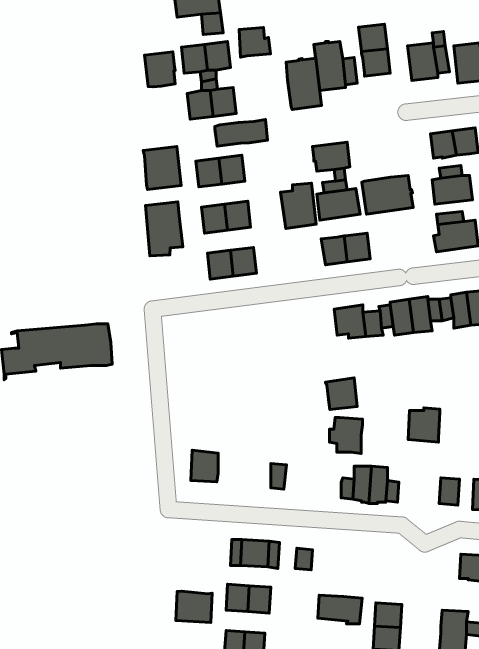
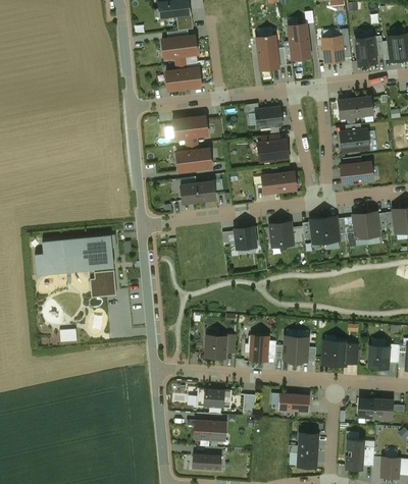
building: [239,27,270,57] -> none
building: [144,52,175,87] -> none
building: [286,58,322,110] -> none
building: [215,120,268,146] -> none
building: [143,147,181,190] -> none
building: [362,176,413,214] -> none
building: [281,183,316,228] -> none
building: [145,202,183,256] -> none
building: none -> [90,270,116,298]
building: [326,378,357,410] -> [234,226,256,249]
building: [408,408,440,442] -> [323,341,346,366]
building: [330,418,363,454] -> [245,335,268,361]
building: [191,450,218,482] -> [206,335,225,358]
building: [176,591,212,622] -> none
building: [318,595,362,624] -> [278,393,310,414]

